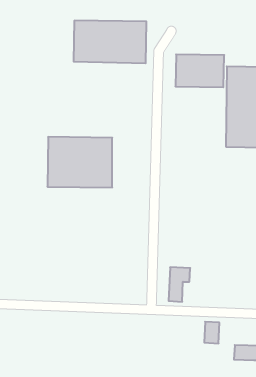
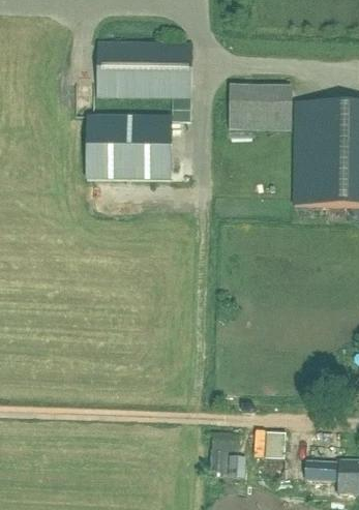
building: [47,137,112,187] -> [87,114,171,179]
building: [169,267,190,302] -> [211,431,239,476]

